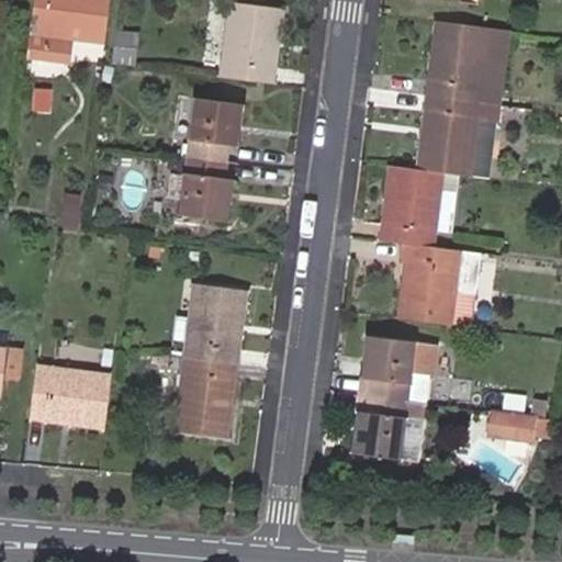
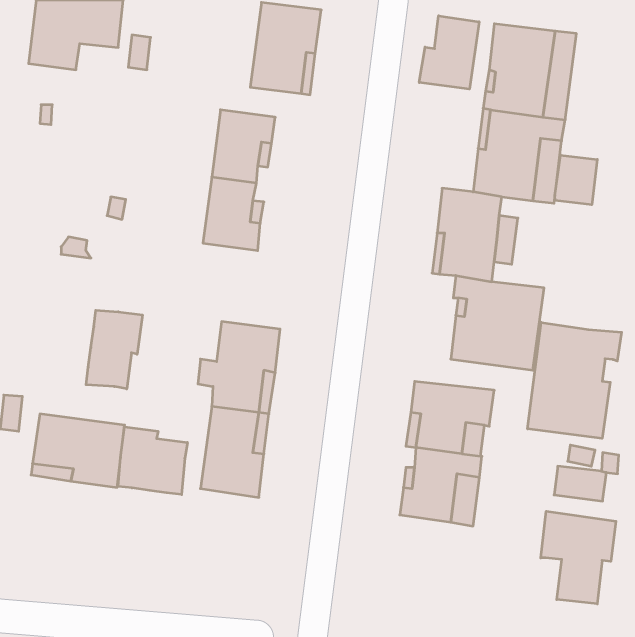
building: none -> [419,16,479,89]
building: none -> [555,155,597,205]
building: none -> [86,310,142,389]
building: none -> [528,322,622,438]
building: none -> [118,427,187,495]
building: none -> [541,511,616,604]

